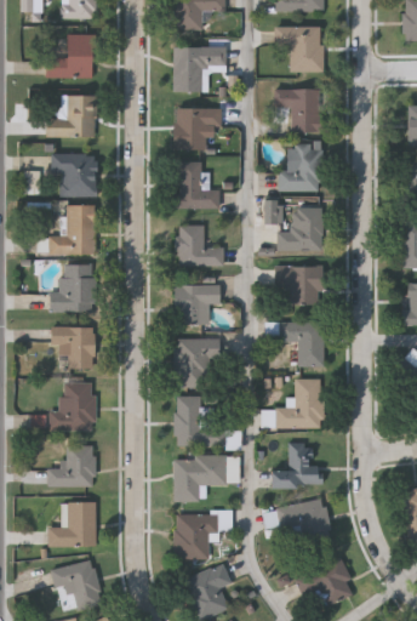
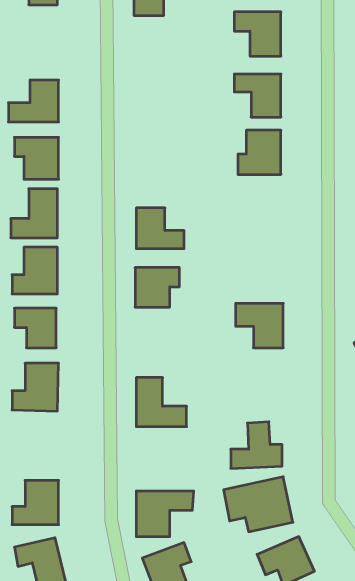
building: [45,34,93,76] -> none
building: [172,46,225,91] -> none
building: [173,107,221,149] -> none
building: [176,160,218,209] -> none
building: [275,207,322,250] -> none
building: [279,267,321,303] -> none
building: [175,338,217,387] -> none
building: [274,378,321,427] -> none
building: [47,445,95,486] -> none
building: [175,456,227,501] -> none

